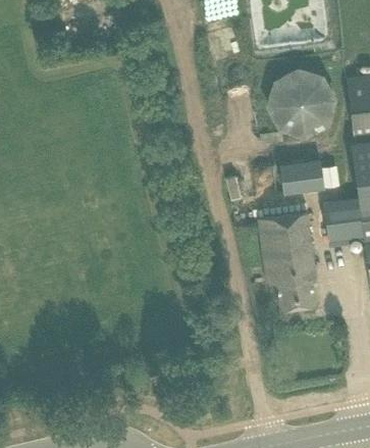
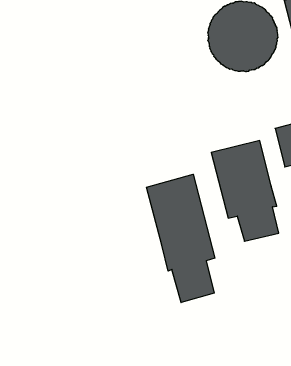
building: [279,160,324,193] -> none
building: none -> [147,174,215,303]

